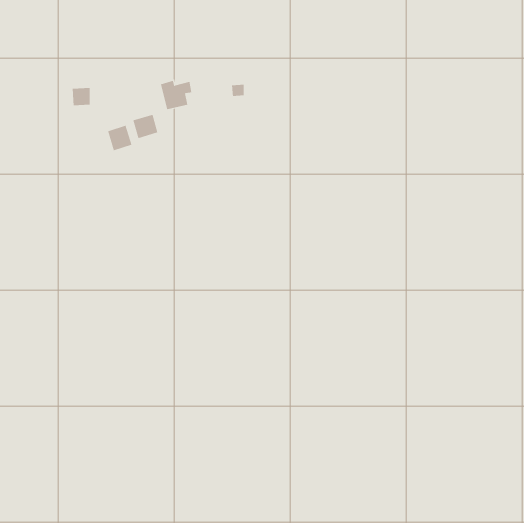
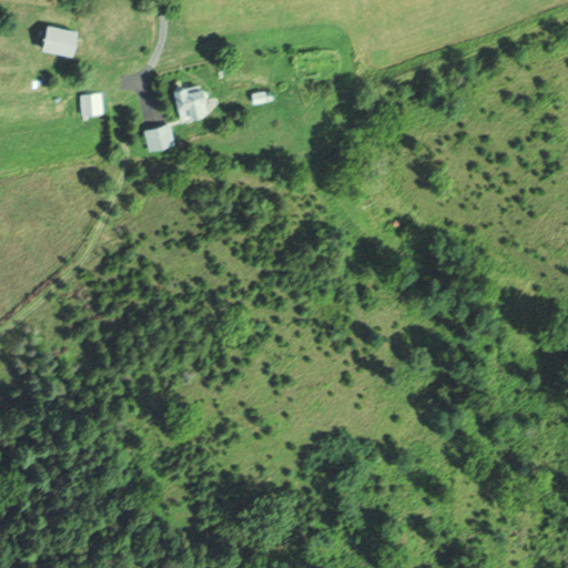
building: none -> [45,26,80,57]
building: [108,125,132,151] -> none

